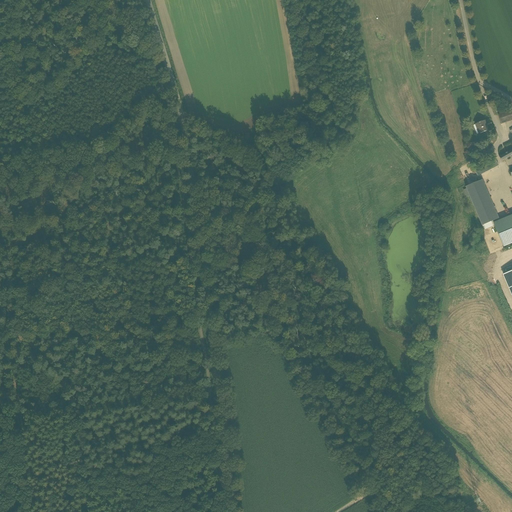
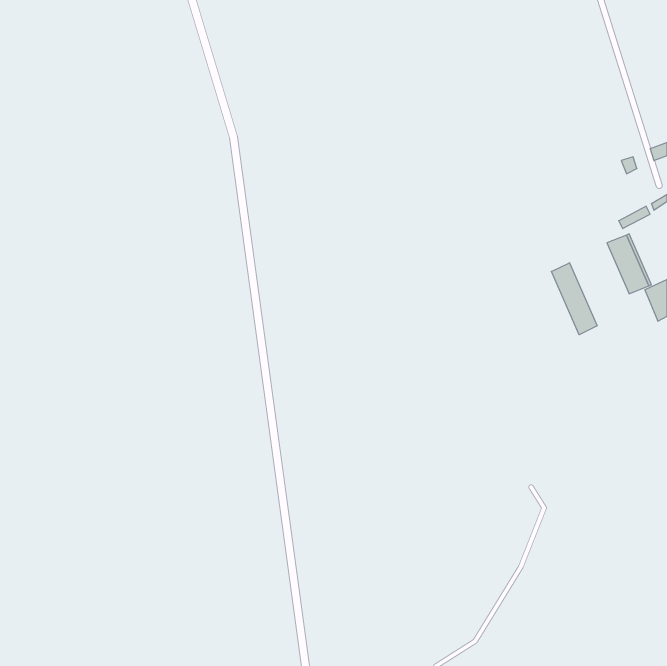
building: none -> [551,263,597,335]

